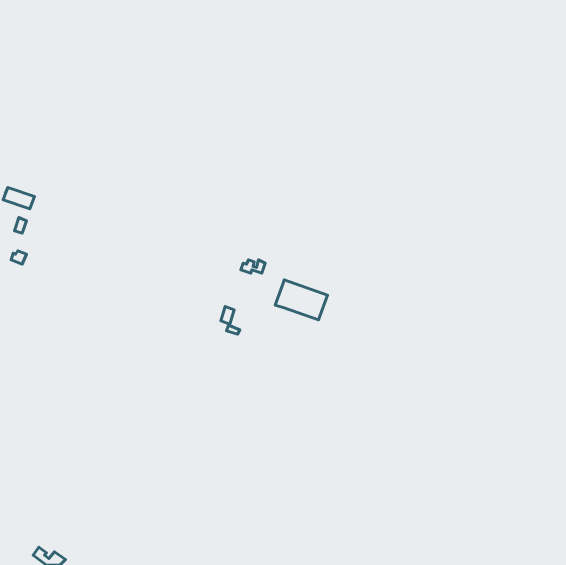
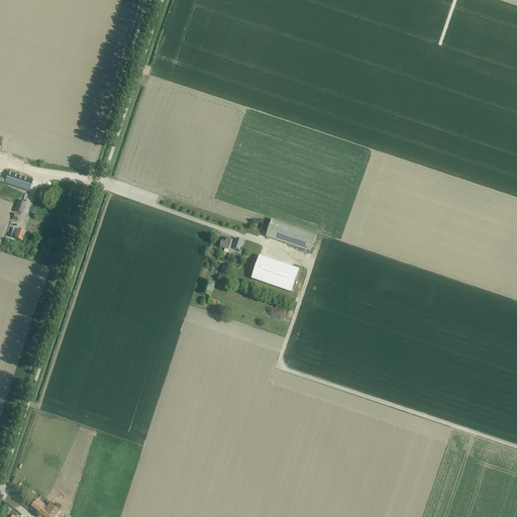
building: none -> [265,218,315,250]

